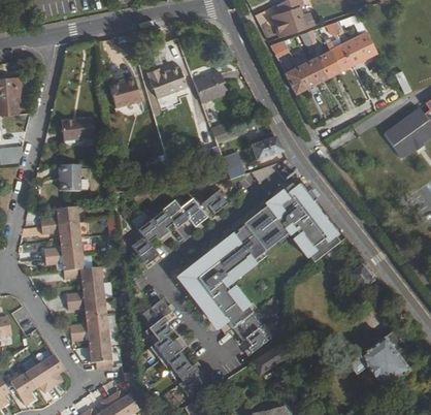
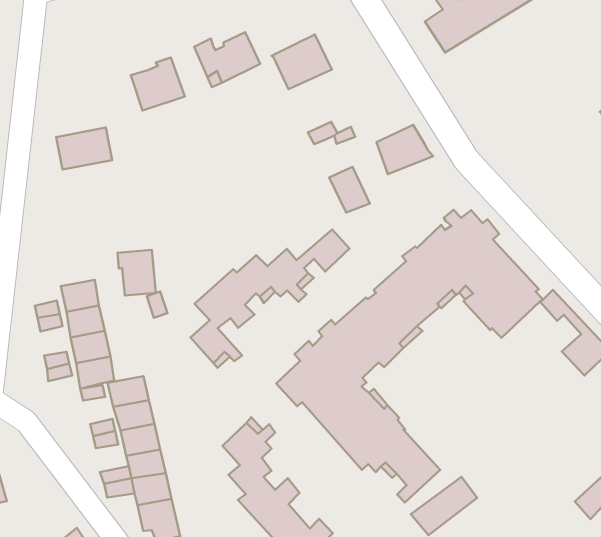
building: [59,166,79,192] -> [117,250,156,296]

